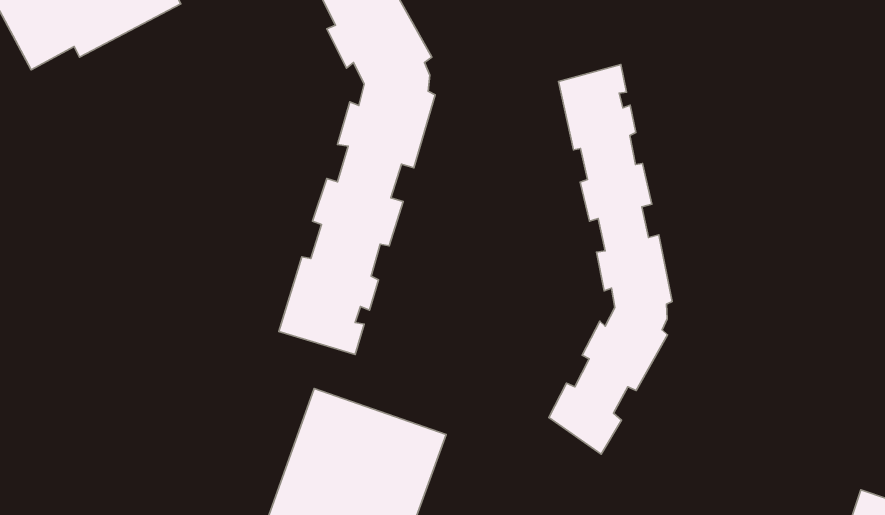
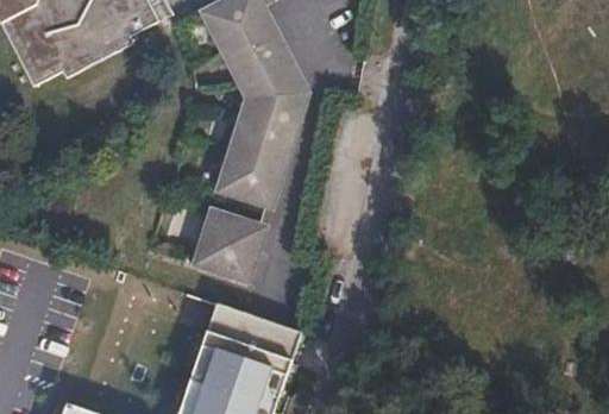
building: [549,64,672,454] -> none

